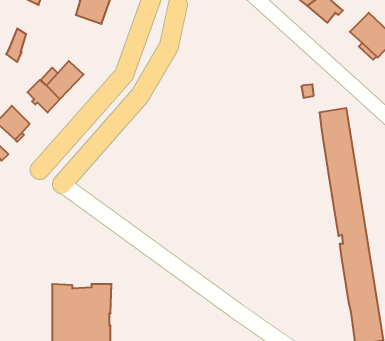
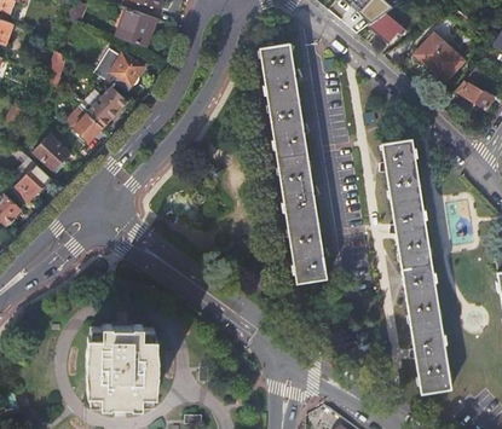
building: none -> [260,42,325,280]
building: none -> [94,48,144,91]

